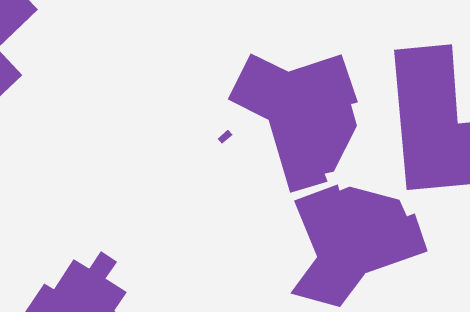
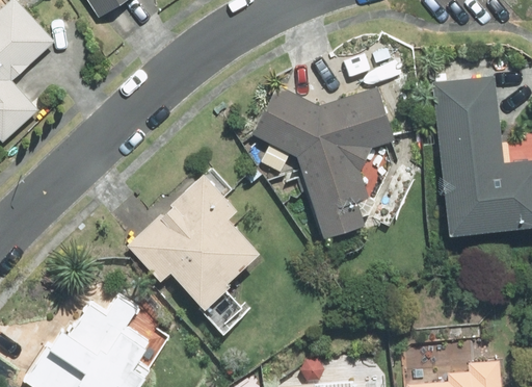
building: none -> [128,176,257,329]
building: [289,184,428,308] -> none

